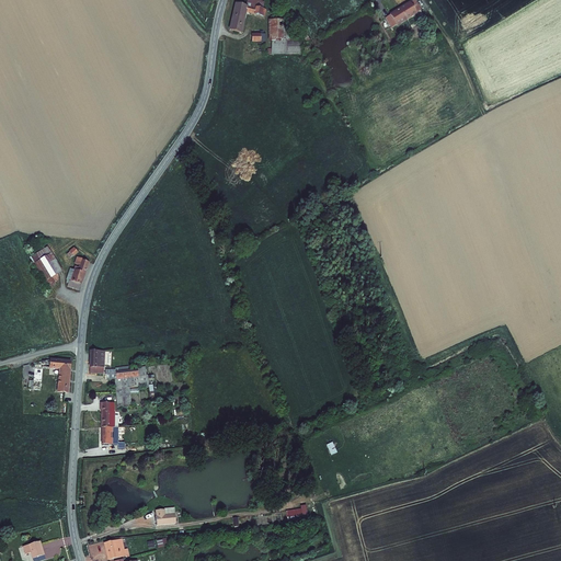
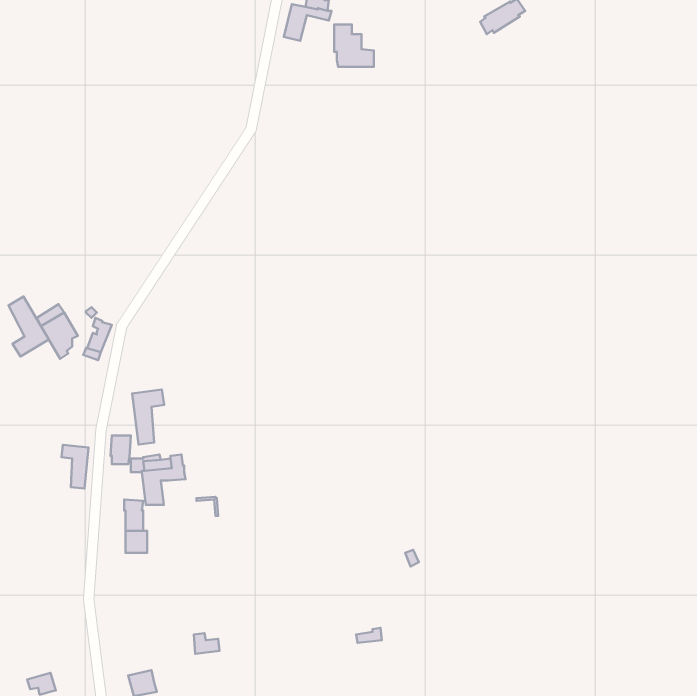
building: none -> [9,297,49,357]
building: none -> [132,390,164,444]

